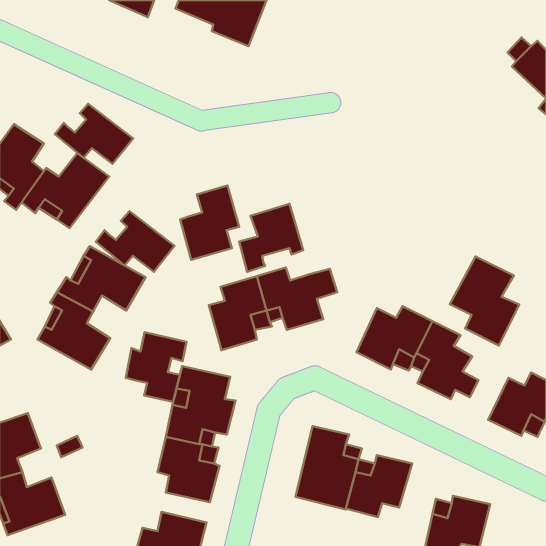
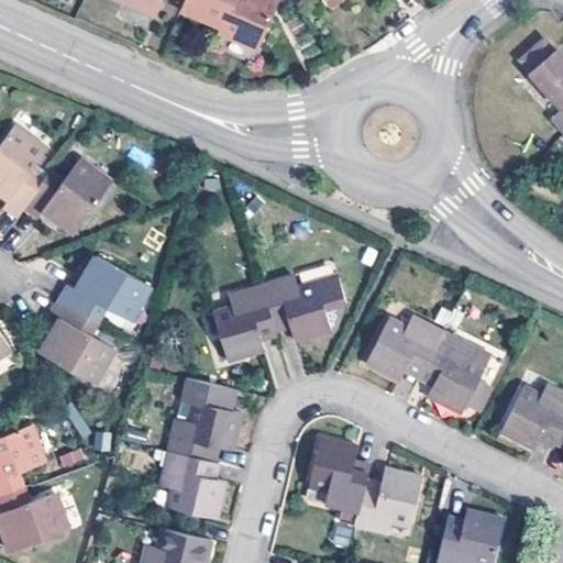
building: [55,104,133,164] -> none
building: [180,186,239,260] -> none
building: [239,204,303,272] -> none
building: [96,211,175,272] -> none
building: [450,256,519,345] -> none
building: [126,332,187,402] -> none

